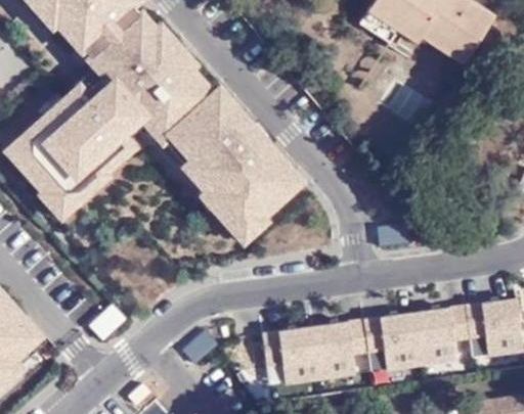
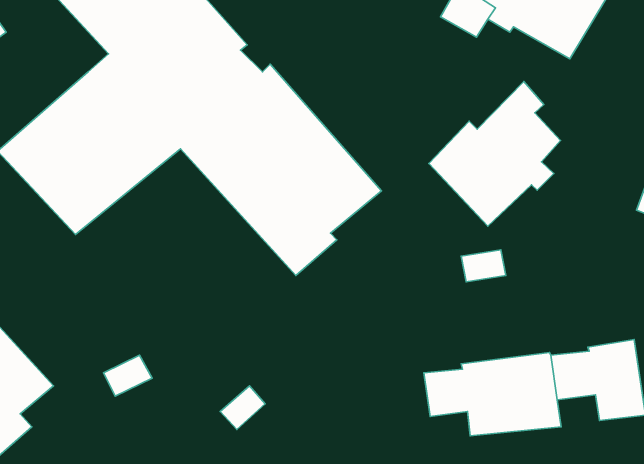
building: none -> [429,82,561,226]
building: [257,322,351,383] -> none

